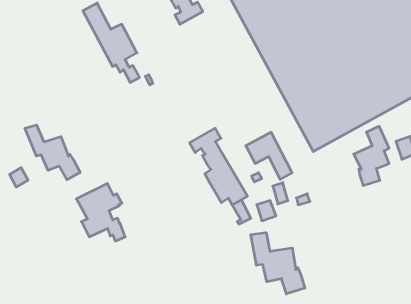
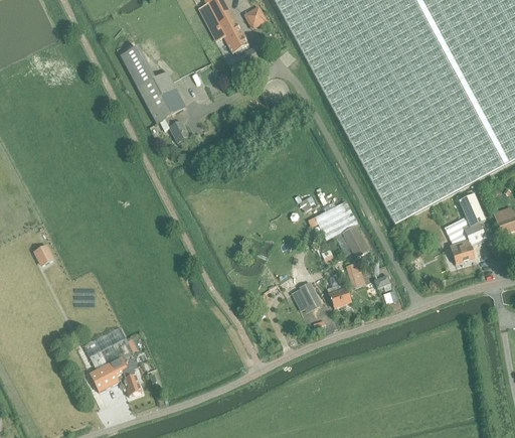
building: [25,125,80,180] -> none
building: [190,128,247,205] -> none
building: [76,184,125,241] -> [83,326,142,395]
building: [251,233,305,294] -> none

